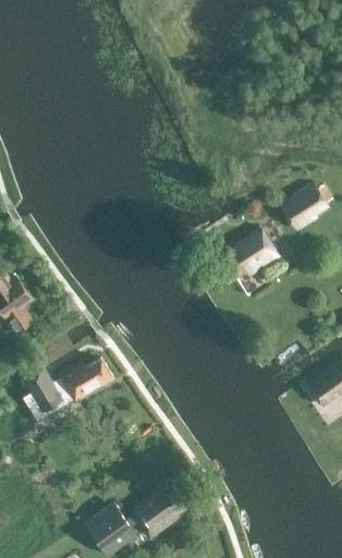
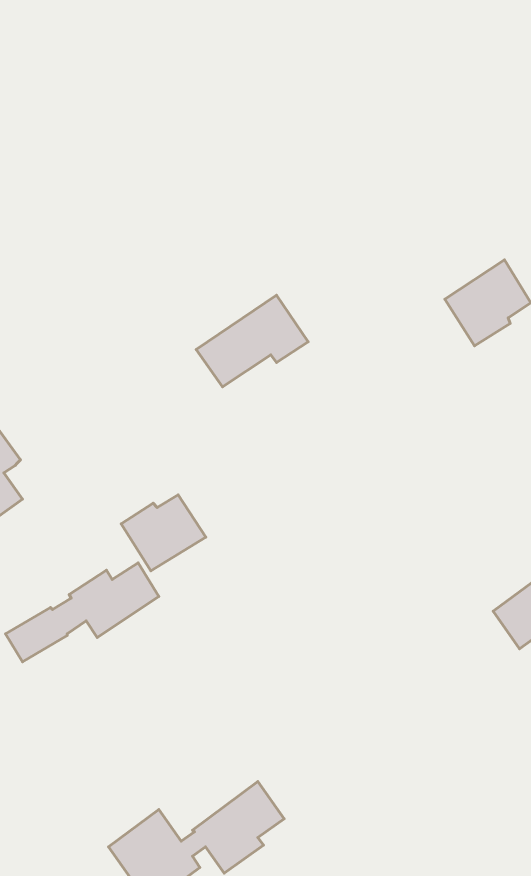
building: [215,228,280,281] -> [196,295,308,387]
building: none -> [121,495,206,571]

